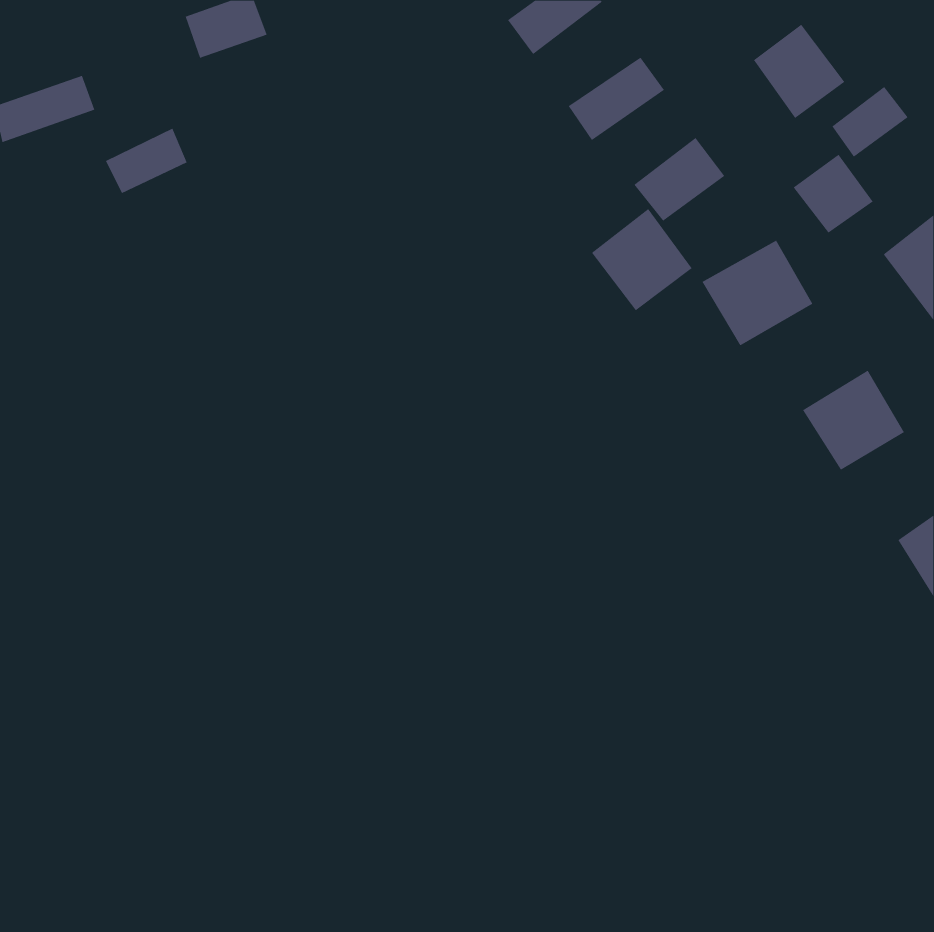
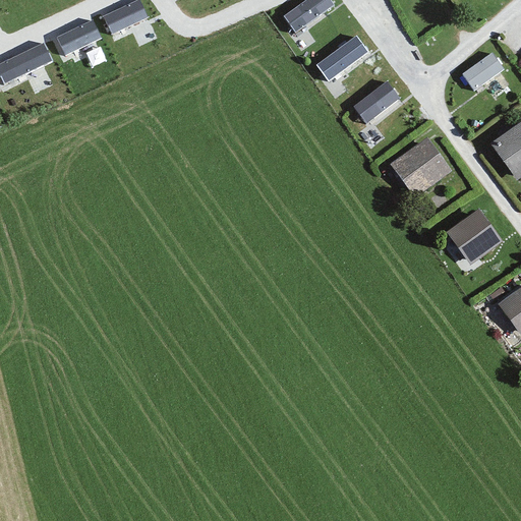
building: [753,24,845,119] -> none
building: [105,128,187,194] -> [56,18,102,55]
building: [793,154,873,233] -> none
building: [591,208,692,311] -> none

